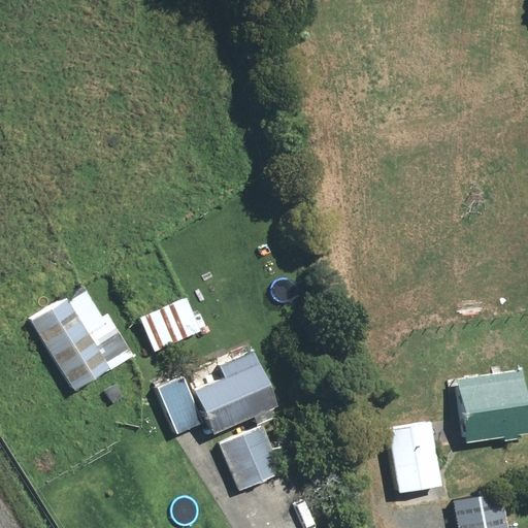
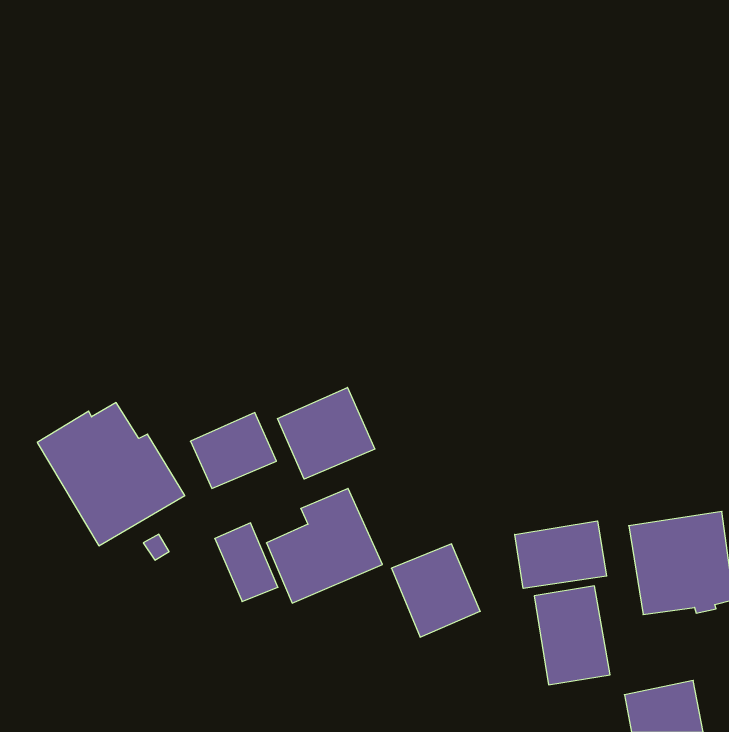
building: none -> [278,387,375,479]
building: none -> [515,521,607,588]
building: [220,425,284,492] -> [391,544,480,637]

